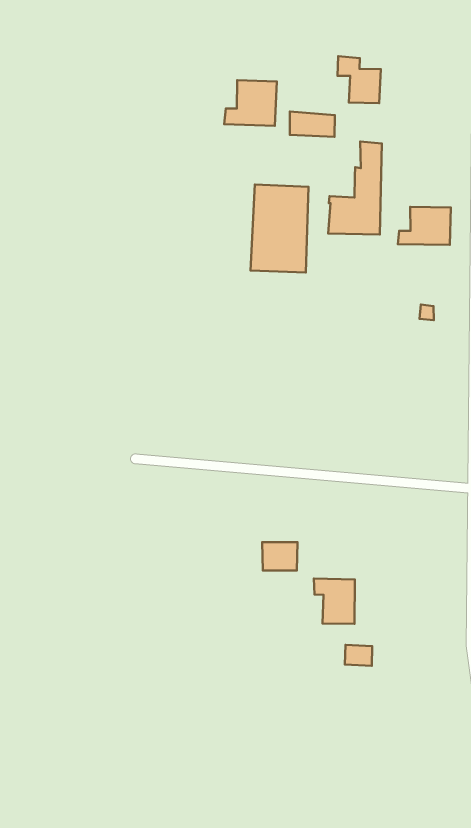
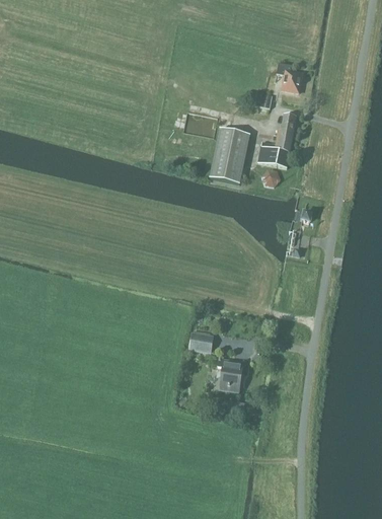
building: [224,80,277,126] -> none
building: [398,207,451,245] -> none

